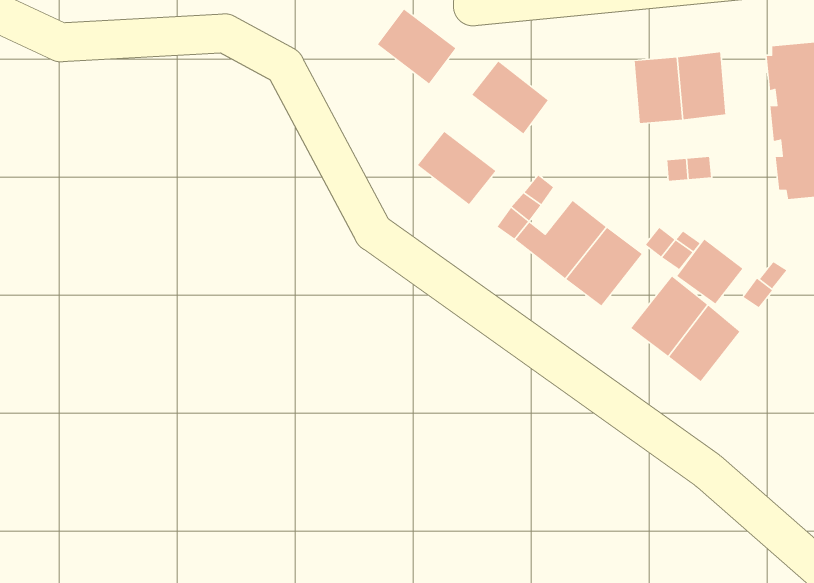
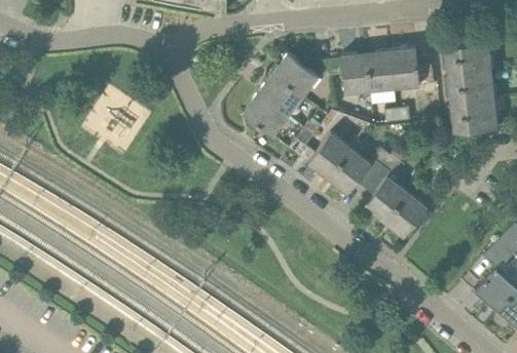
building: [377,8,456,84] -> [259,73,304,116]
building: none -> [322,53,370,92]
building: [676,239,743,305] -> none

